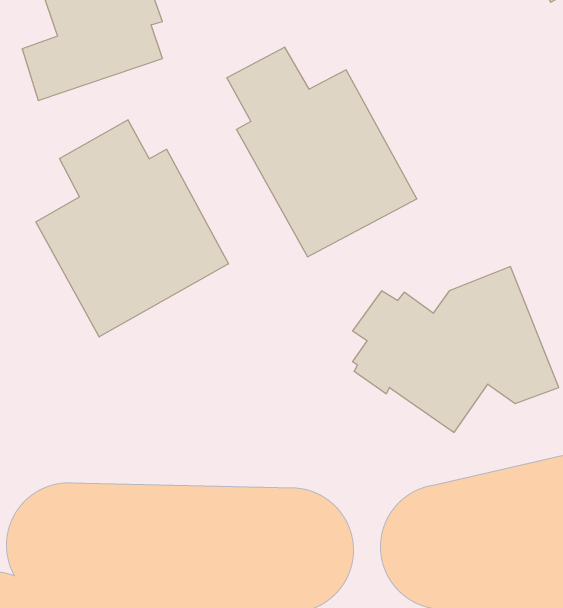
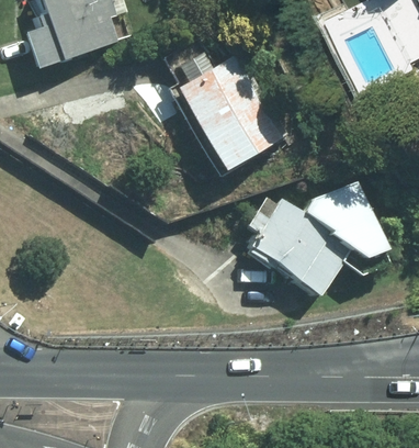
building: [36,120,229,337] -> none

